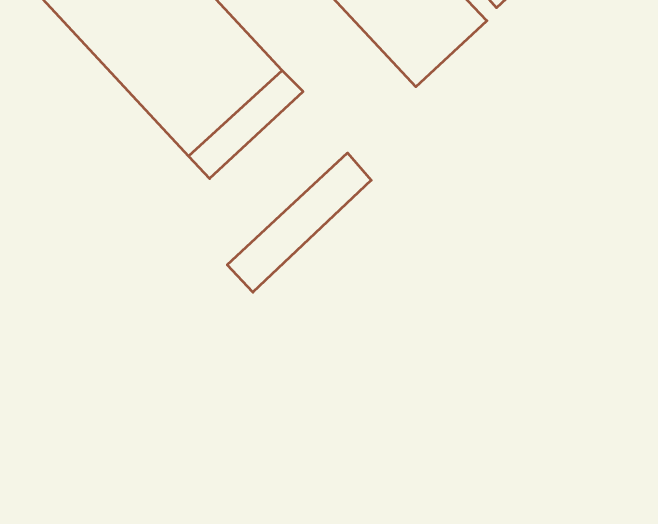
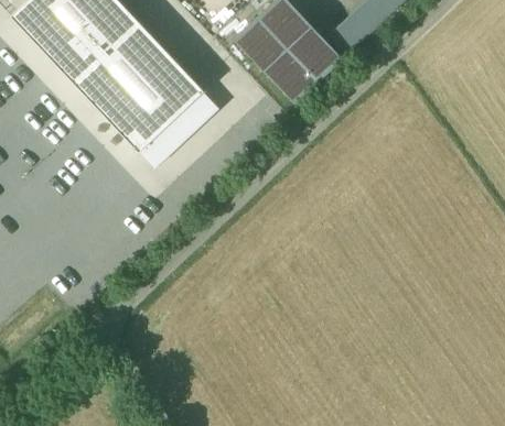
building: [227,153,371,292] -> none

